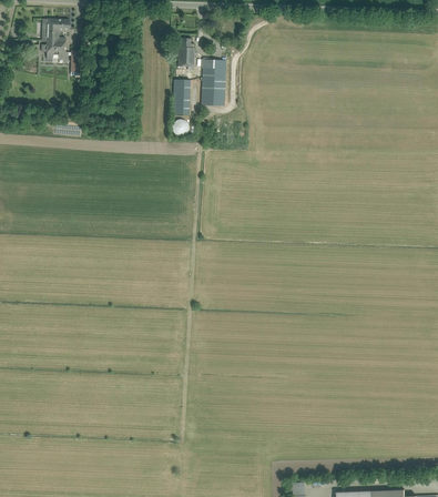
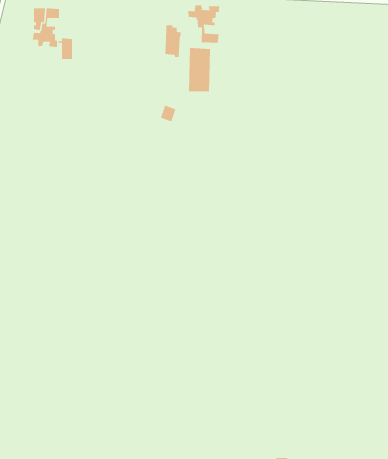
building: none -> [188,4,220,43]
building: [172,79,191,114] -> none

